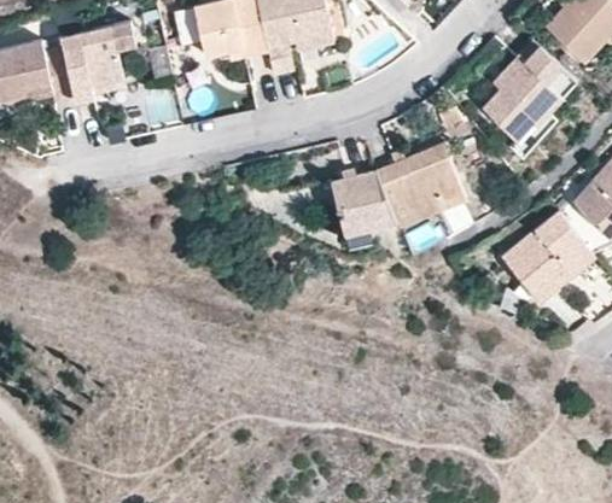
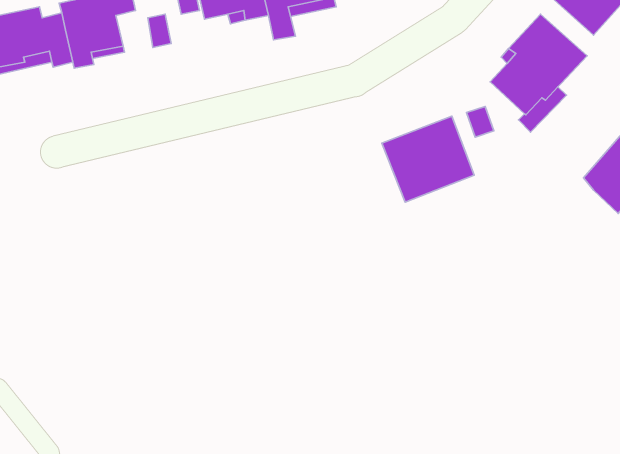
building: [331,170,397,236] -> none
building: [502,214,596,305] -> none

